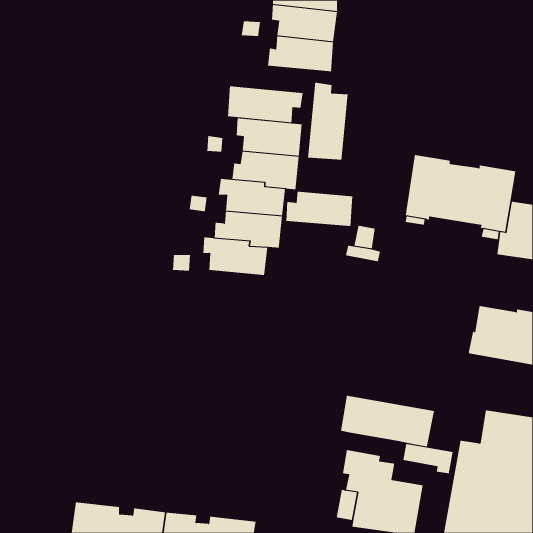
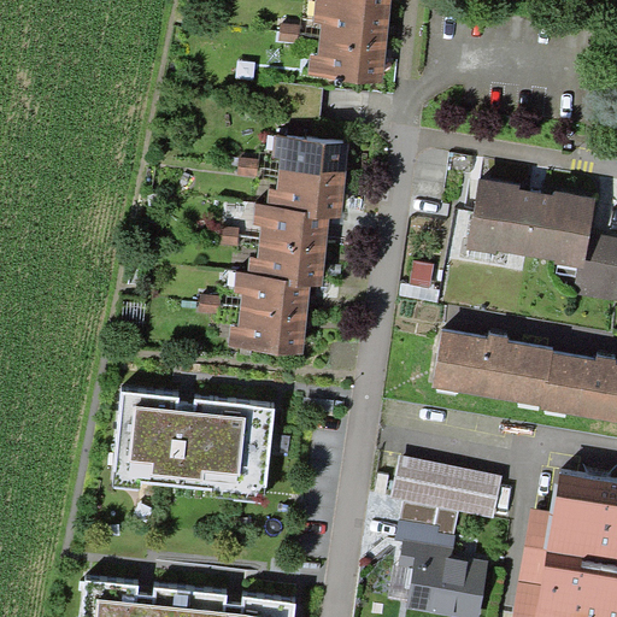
building: [308,82,348,160] -> none
building: [227,86,303,123] -> none
building: [285,191,353,227] -> [228,312,306,353]
building: none -> [431,330,554,406]
building: none -> [112,390,276,503]
building: [403,444,454,474] -> [400,500,459,535]

